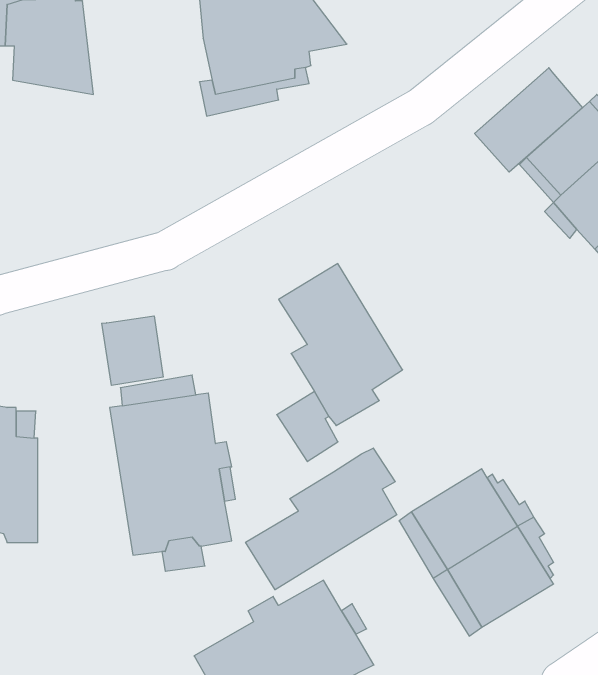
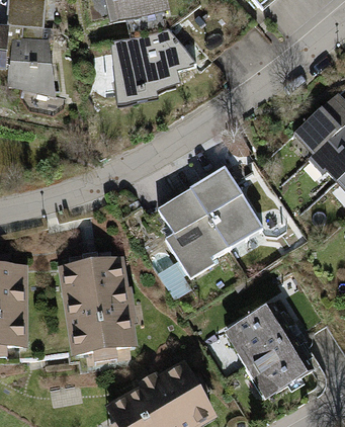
building: [475,68,582,172] -> none
building: none -> [191,166,262,247]
building: [102,316,163,385] -> none
building: [246,448,397,590] -> none

